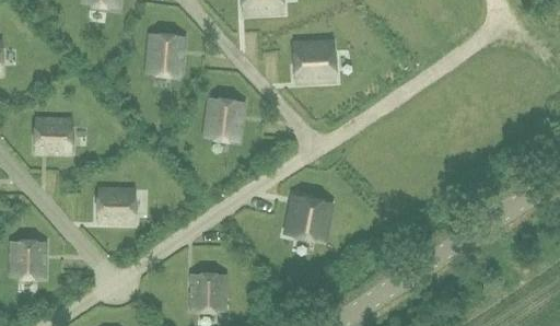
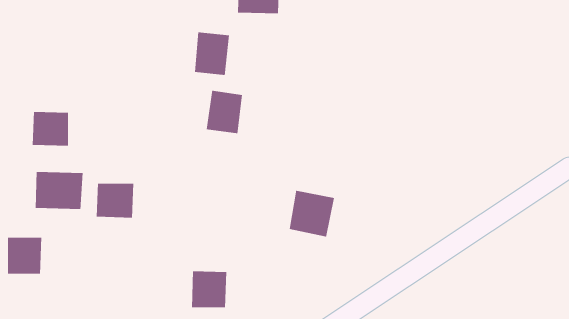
building: [148,32,183,74] -> [194,32,230,76]
building: [300,54,341,88] -> none
building: none -> [35,171,83,210]

